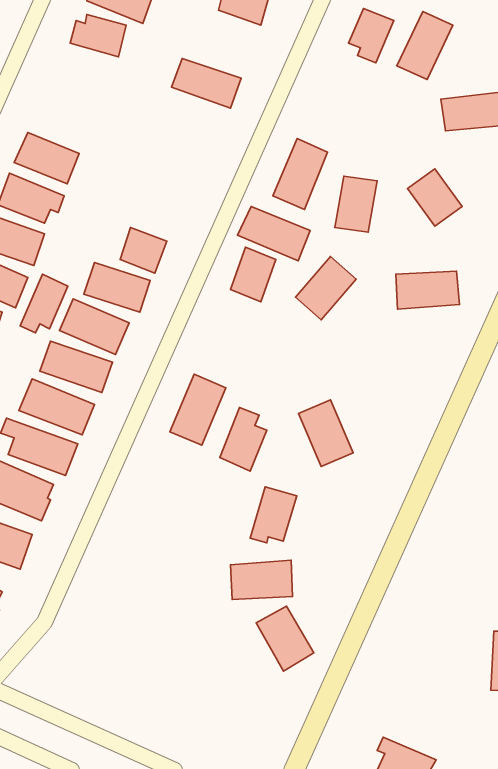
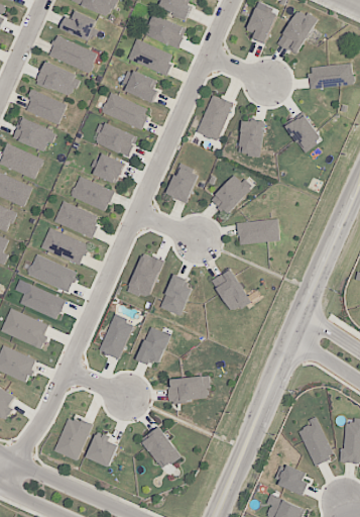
building: none -> [144,13,187,49]
building: none -> [48,35,97,72]
building: none -> [36,62,80,98]
building: none -> [119,69,158,102]
building: none -> [93,121,137,157]
building: [238,206,310,261] -> [101,93,149,129]
building: [396,271,459,309] -> [237,219,279,244]
building: [20,274,68,333] -> none
building: none -> [99,315,134,359]
building: [250,487,297,543] -> [138,327,169,365]
building: [256,606,314,671] -> [141,426,179,470]
building: none -> [54,416,92,460]
building: none -> [297,416,334,466]
building: none -> [86,432,118,468]
building: none -> [273,463,312,495]

